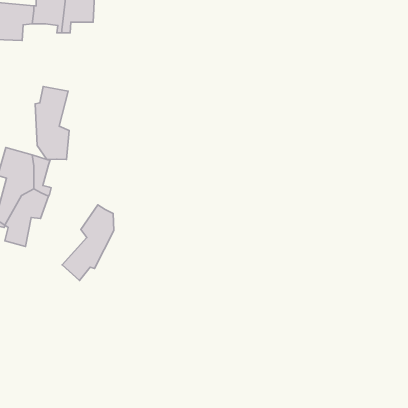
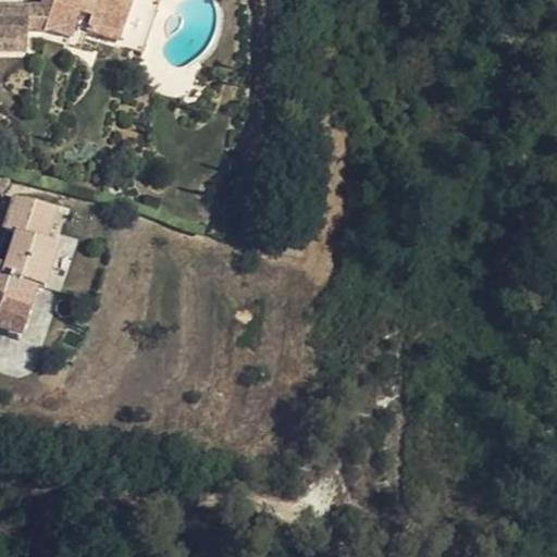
building: [35,86,69,160] -> none
building: [62,205,114,280] -> none

